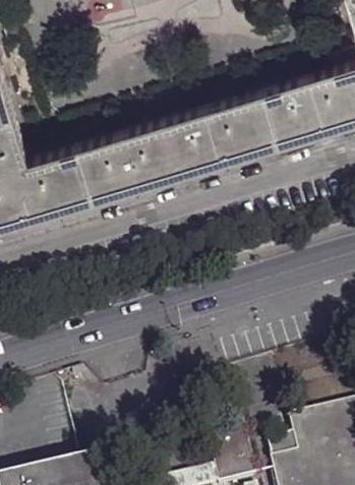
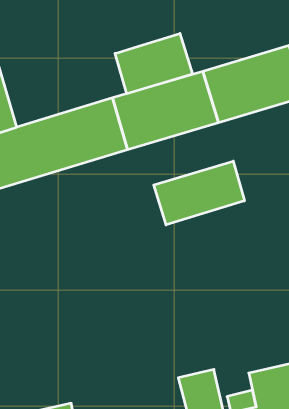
building: none -> [115,33,193,94]
building: none -> [154,161,244,225]

